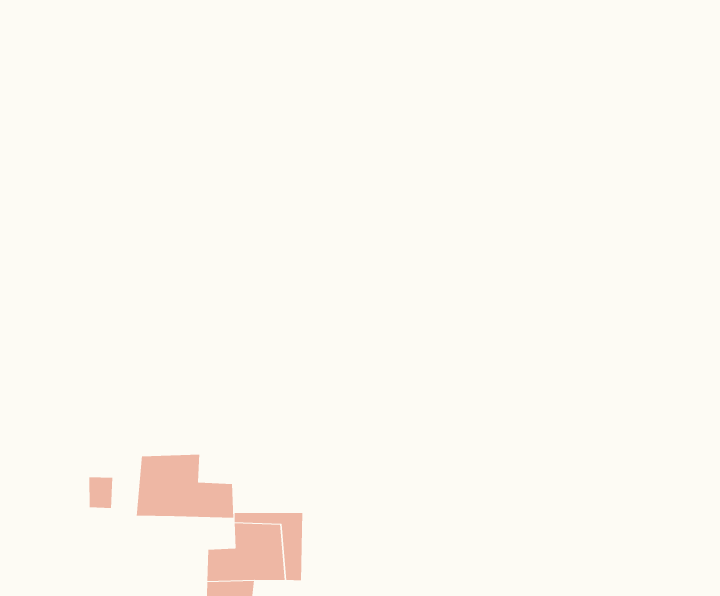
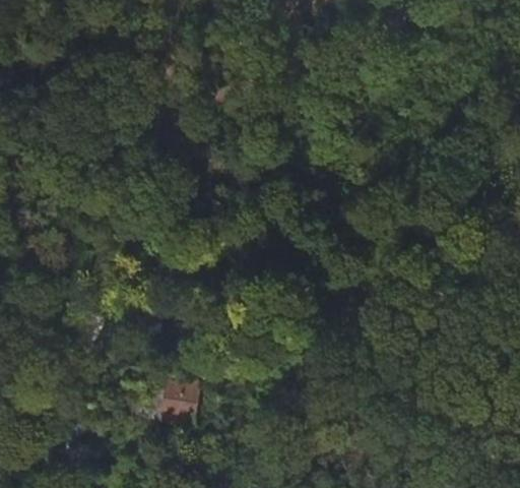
building: [136,454,234,519] -> none

